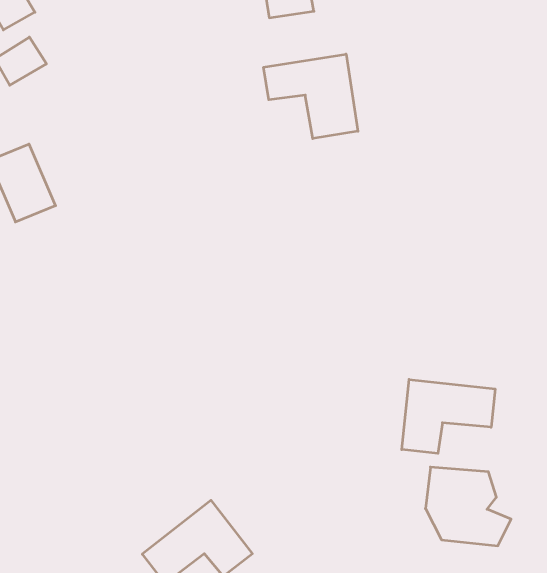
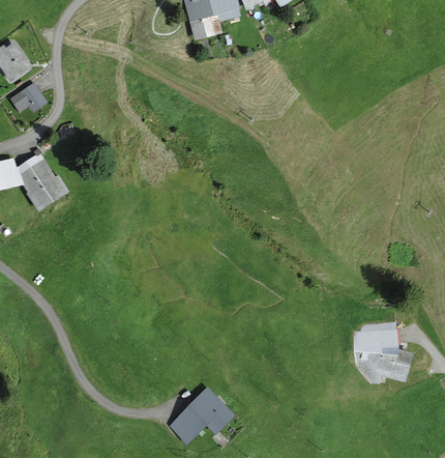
building: [264,54,358,139] -> none
building: [402,379,495,453] -> none

